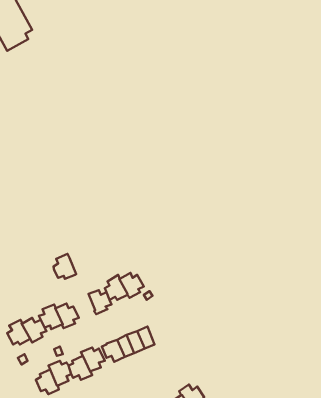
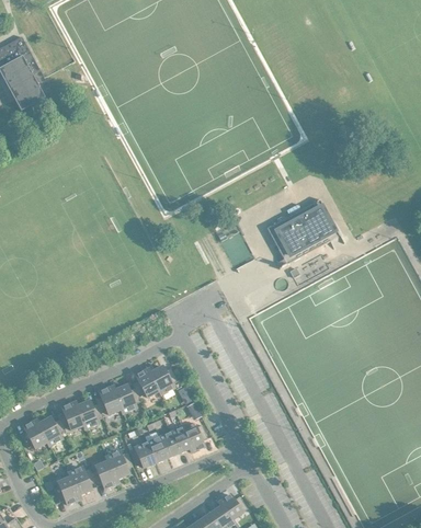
building: none -> [266,199,339,265]
building: [53,254,76,279] -> [94,386,121,414]
building: none -> [181,423,206,452]

